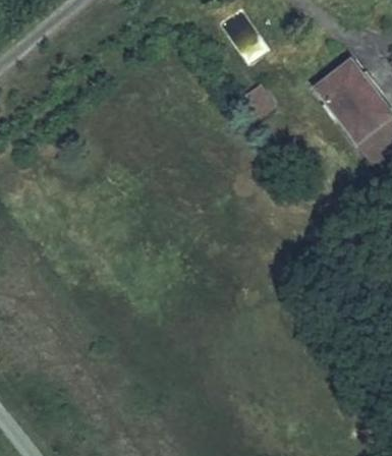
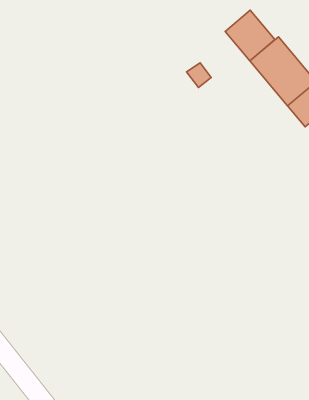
building: none -> [225,10,275,61]

